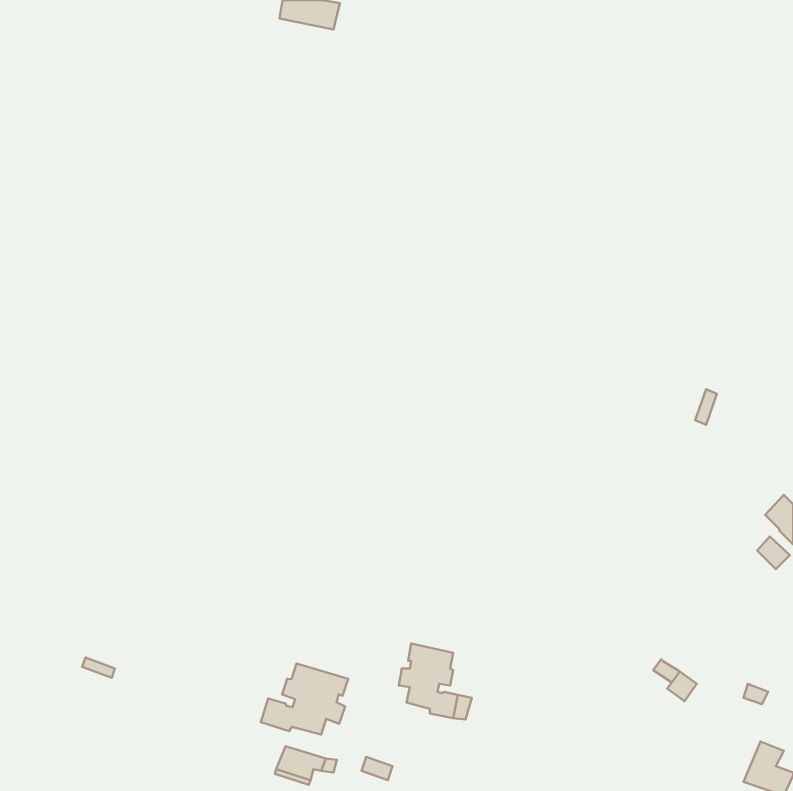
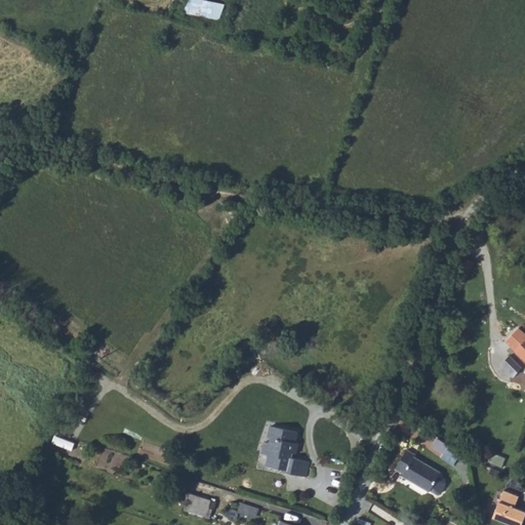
building: [261,663,348,735] -> none
building: none -> [395,450,445,494]

